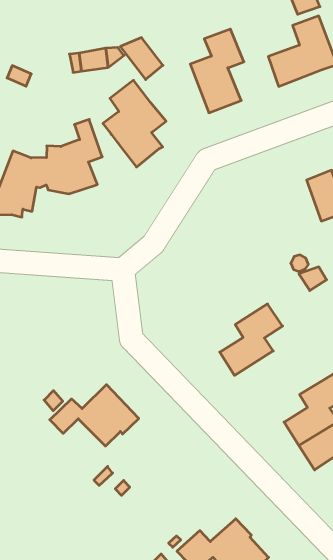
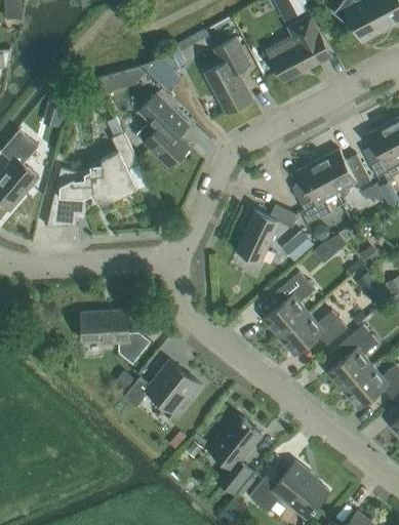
building: none -> [292,160,335,223]
building: none -> [235,205,297,262]
building: none -> [281,230,314,261]
building: none -> [81,310,150,364]
building: none -> [278,311,347,356]
building: none -> [206,416,261,493]

